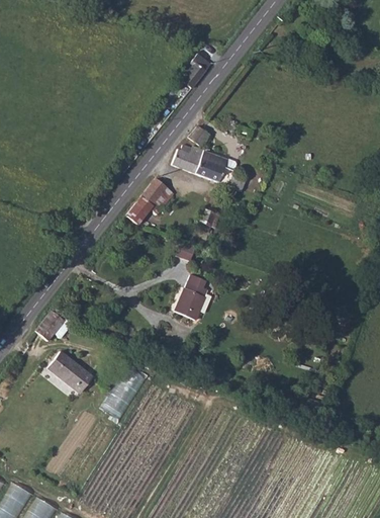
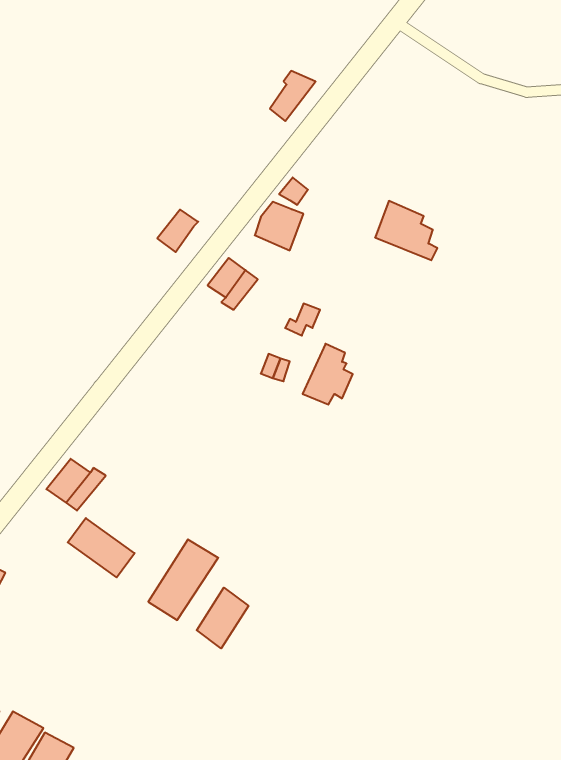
building: [196,150,238,189] -> [375,201,437,260]
building: [126,197,154,226] -> [157,210,198,252]
building: [177,278,210,319] -> [303,344,353,405]
building: none -> [197,588,248,648]

